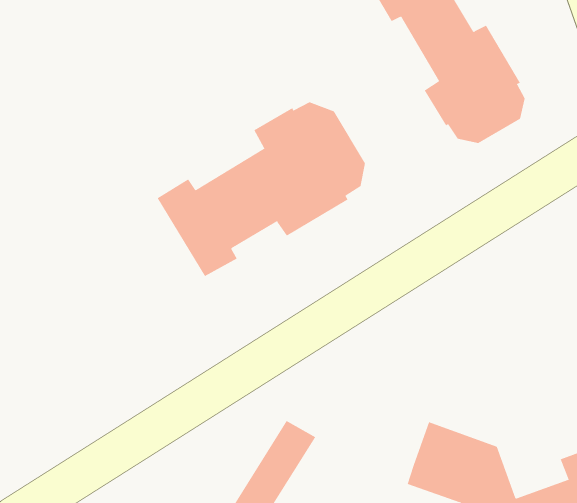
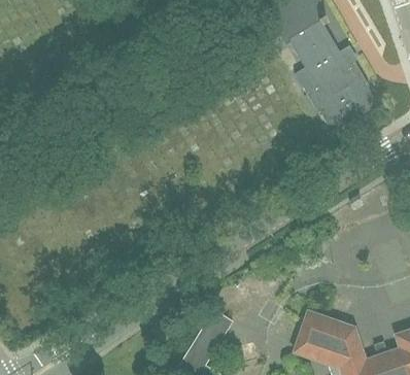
building: [157,102,365,277] -> none

